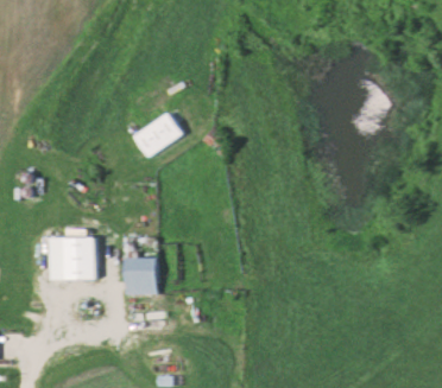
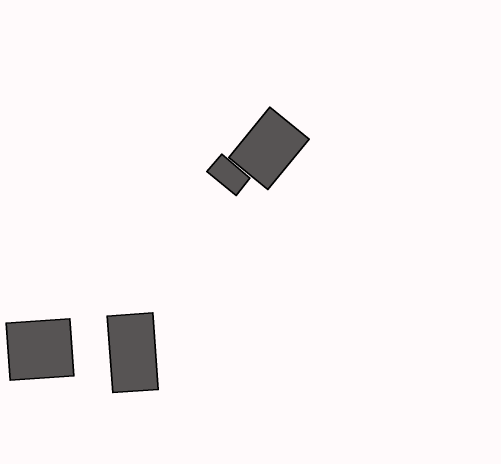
building: none -> [229,107,309,189]
building: [134,112,184,157] -> none

